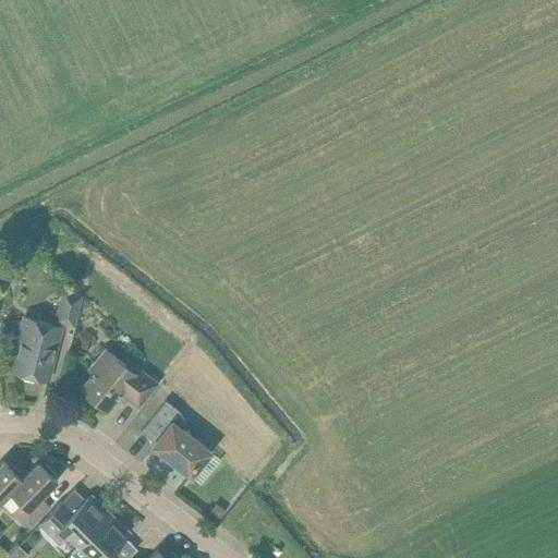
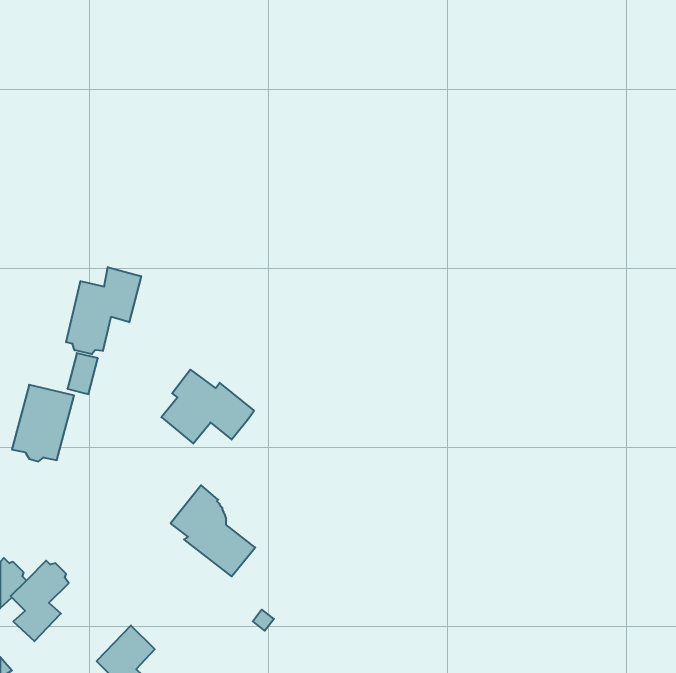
building: none -> [66,267,141,354]
building: [81,351,157,412] -> [161,370,254,444]
building: [39,498,108,547] -> none

